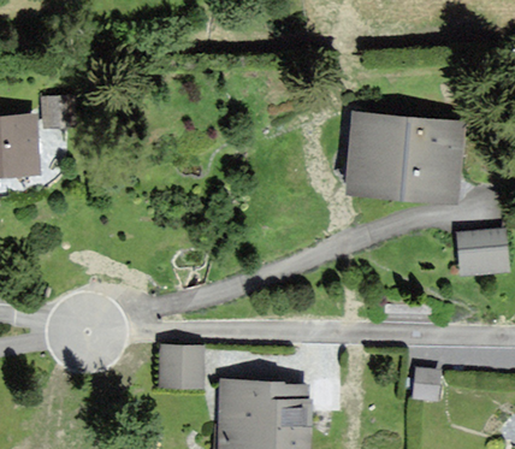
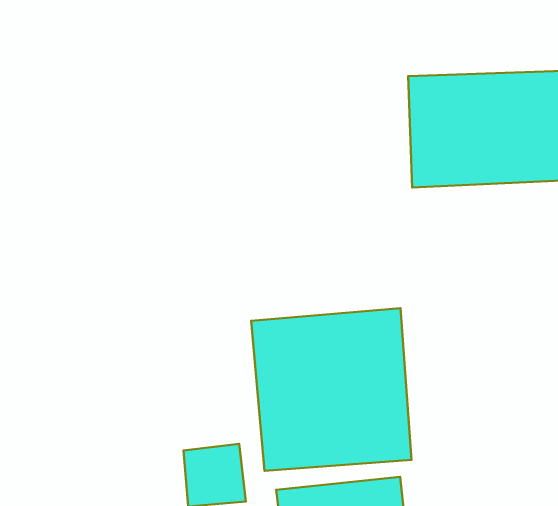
building: none -> [251,308,411,471]

